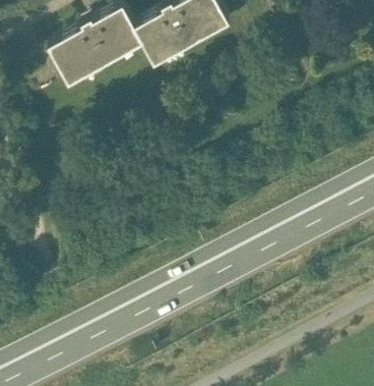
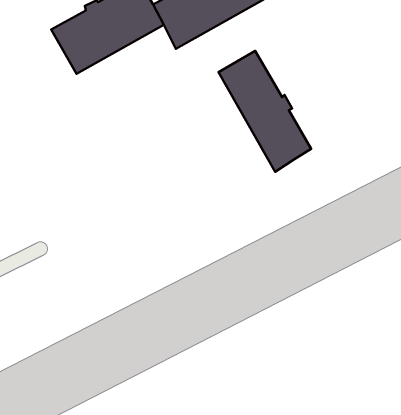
building: none -> [218,51,311,172]

